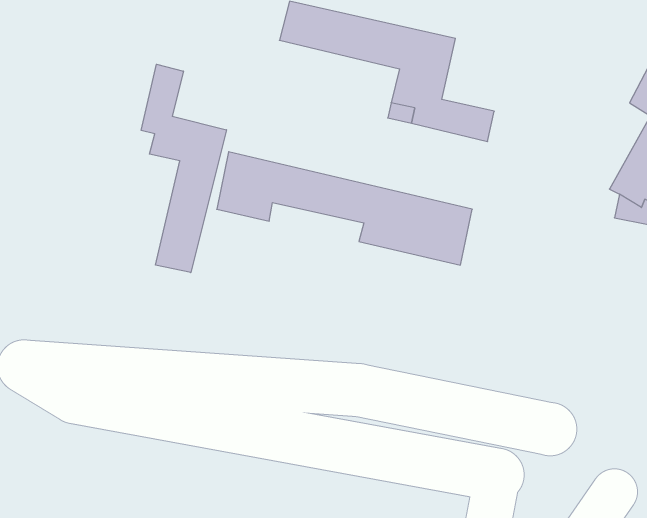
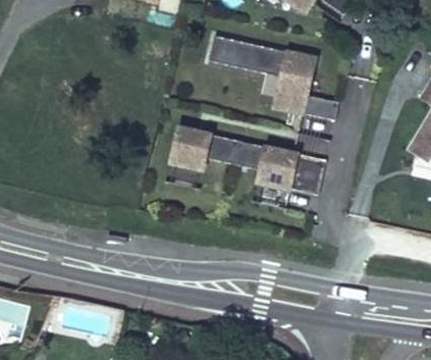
building: [141,64,226,273] -> none

